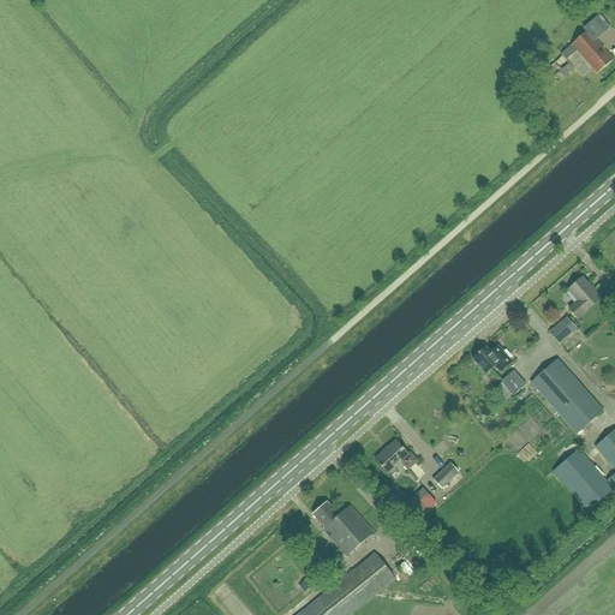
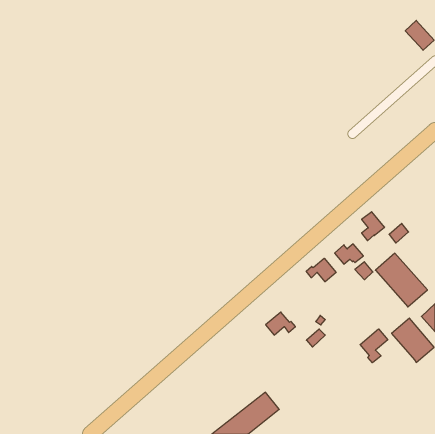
building: [568,276,601,317] -> [362,212,385,241]
building: none -> [306,258,336,282]
building: none -> [360,329,388,363]
building: [314,501,374,555] -> none

